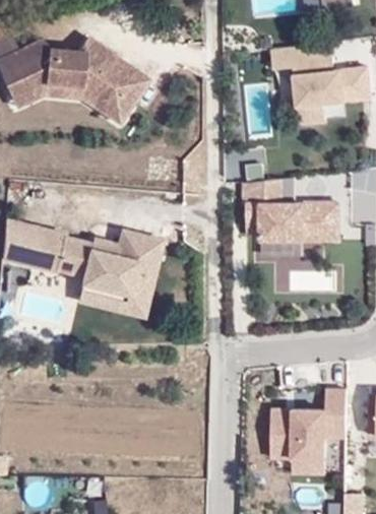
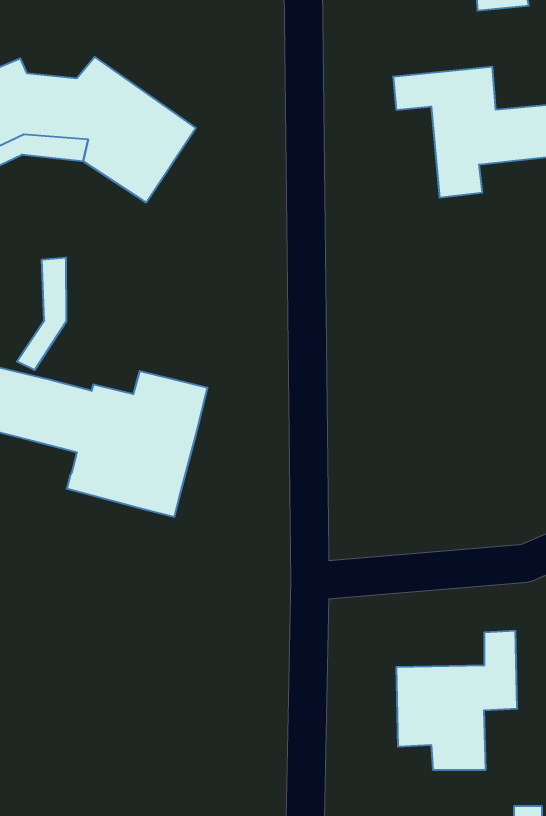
building: none -> [17,257,66,370]
building: [245,180,337,241] -> none

